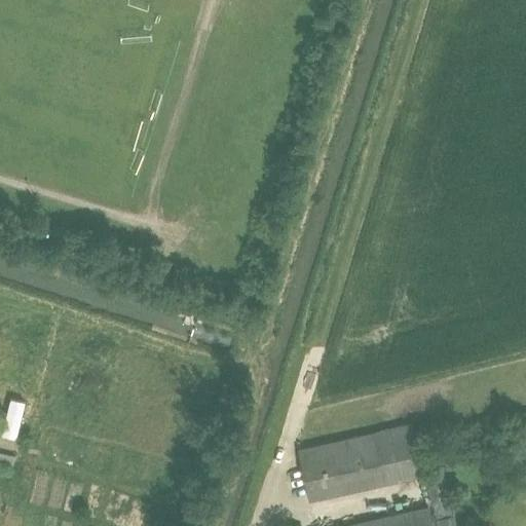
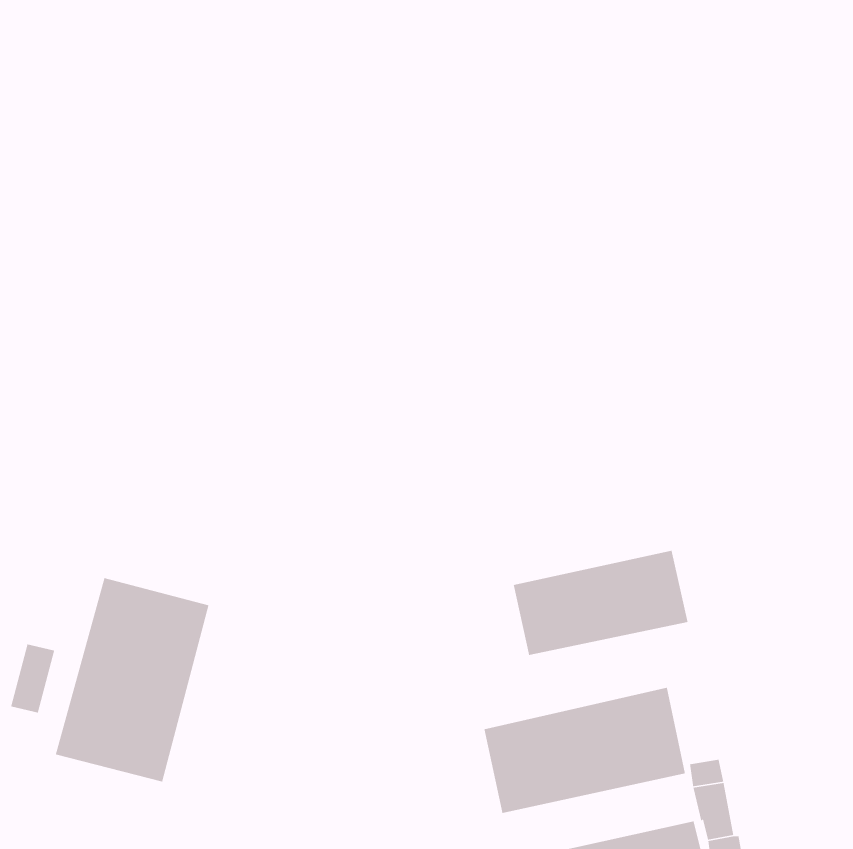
building: none -> [513,550,689,656]
building: none -> [55,577,210,783]

